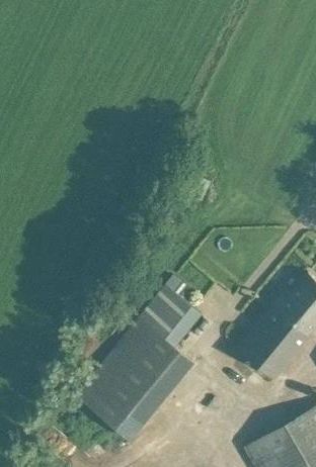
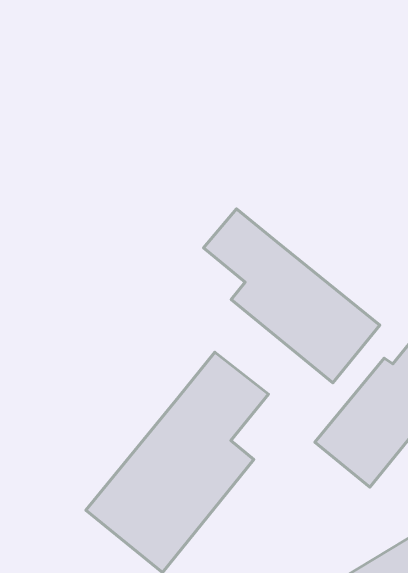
building: none -> [203,209,380,383]

